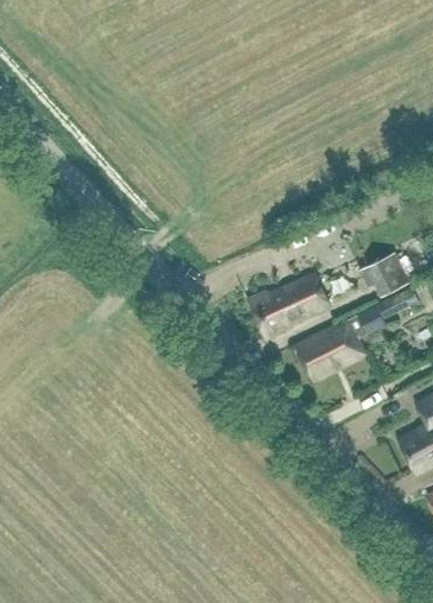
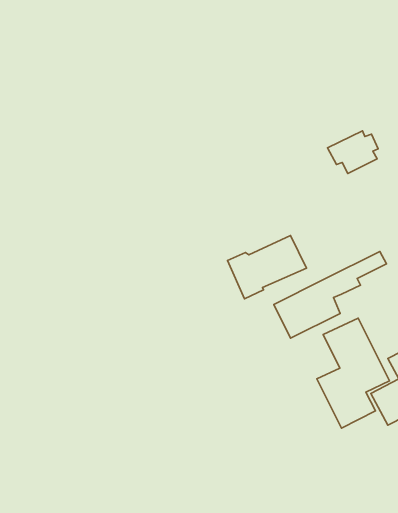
building: [358,252,412,297] -> [328,131,378,174]
building: none -> [317,318,390,428]

